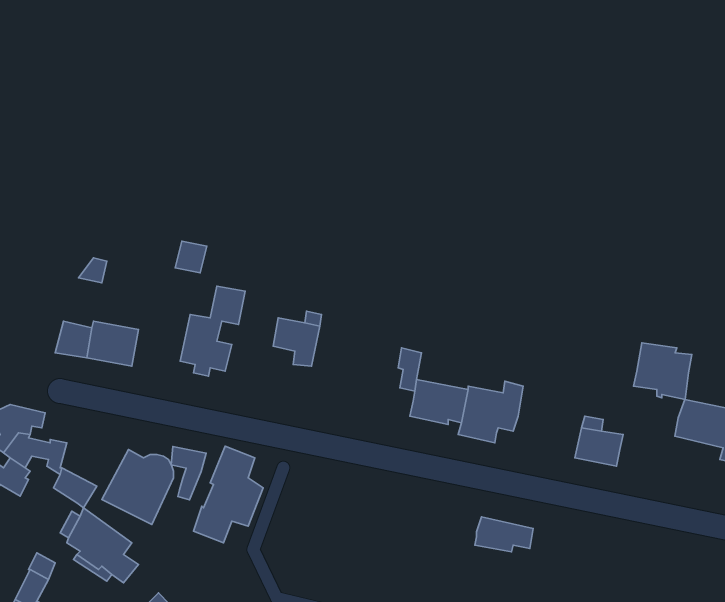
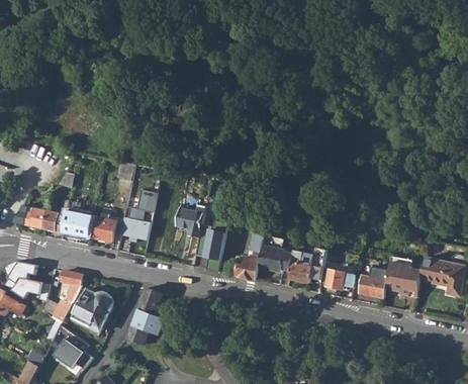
building: none -> [23,206,48,229]
building: none -> [89,215,115,243]
building: [634,343,692,400] -> [385,262,420,296]
building: none -> [194,228,224,260]
building: none -> [236,256,260,280]
building: [171,446,206,500] -> [61,271,82,303]
building: [475,517,533,552] -> [319,268,355,289]

